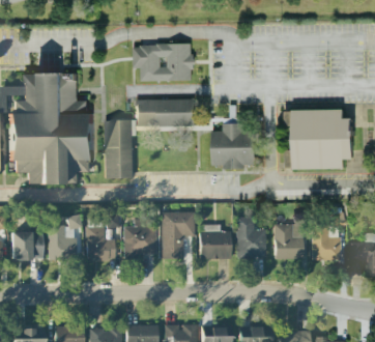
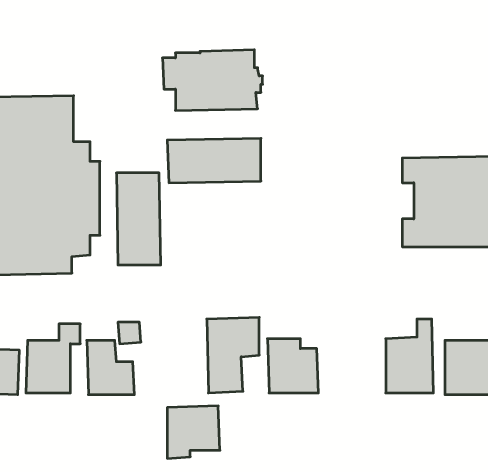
building: [212,122,256,169] -> none
building: [237,217,266,257] -> none
building: [124,226,157,259] -> [167,406,220,458]

